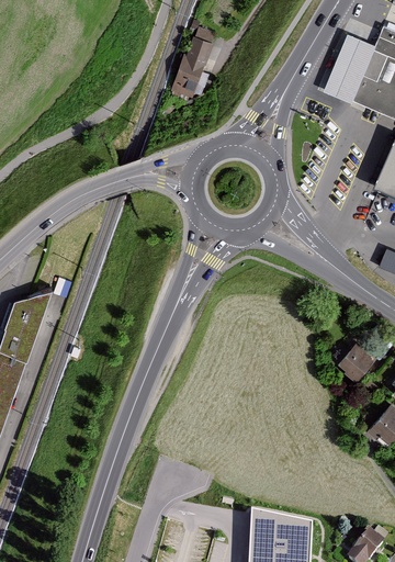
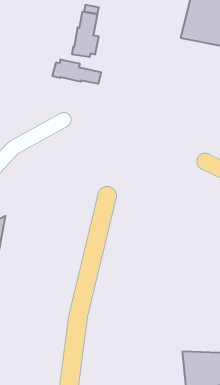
building: none -> [53,59,101,84]

